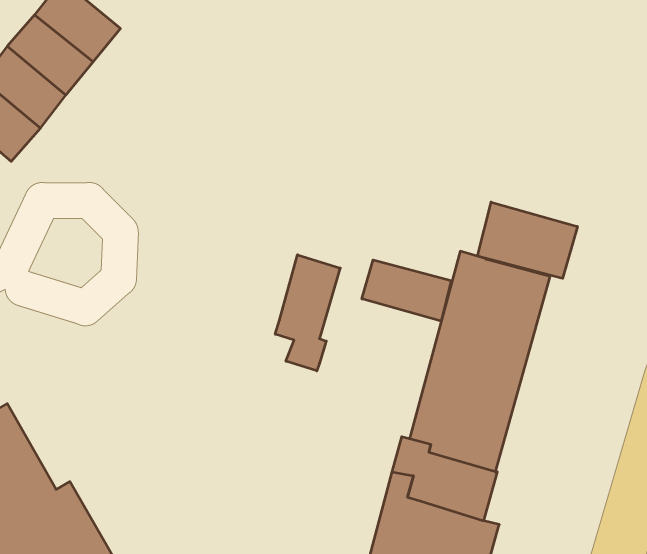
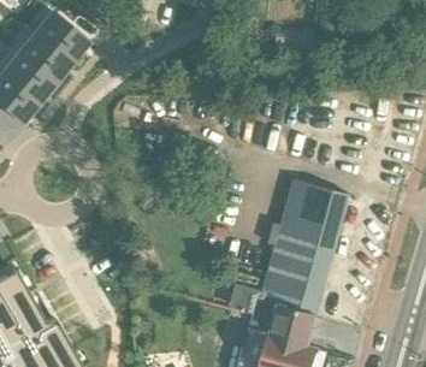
building: [477,202,577,278] -> none
building: [275,255,340,371] -> none
building: [362,260,451,321] -> none

